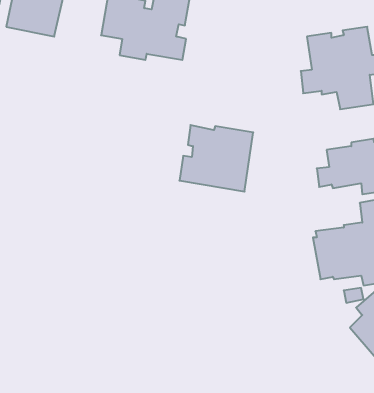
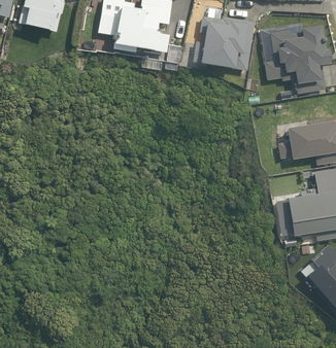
building: [179,125,253,192] -> [193,15,255,71]

